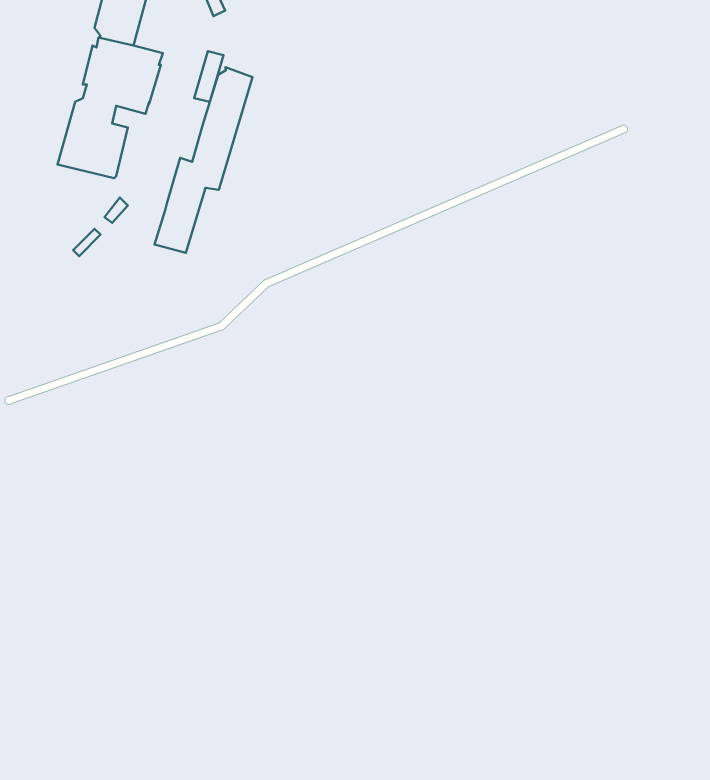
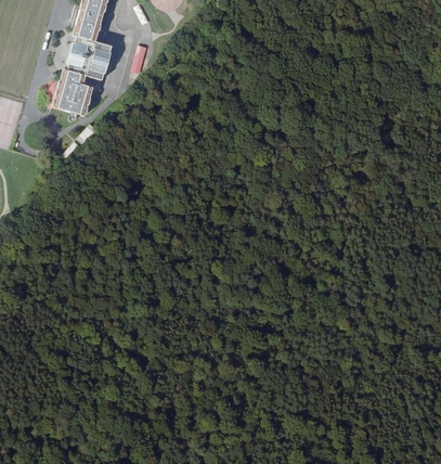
building: [154,67,253,253] -> none

